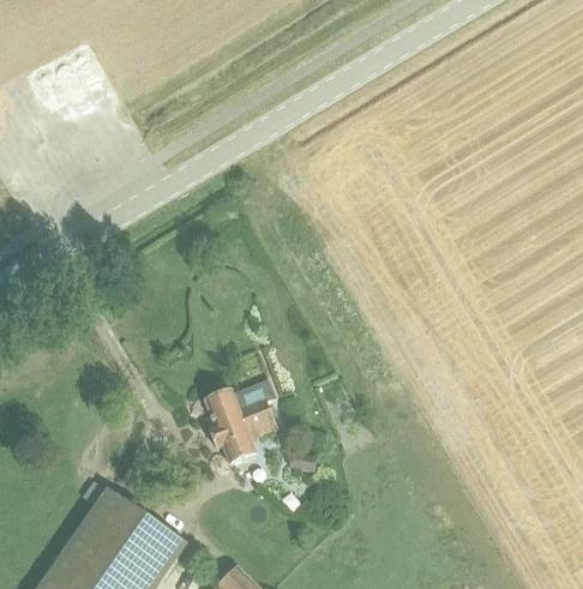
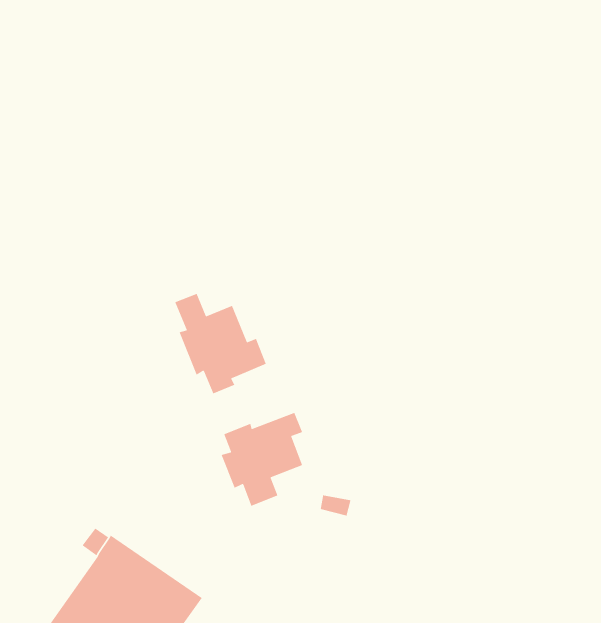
building: none -> [174,293,267,394]

